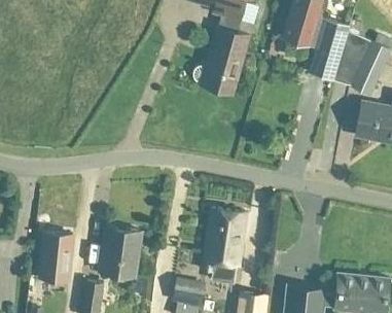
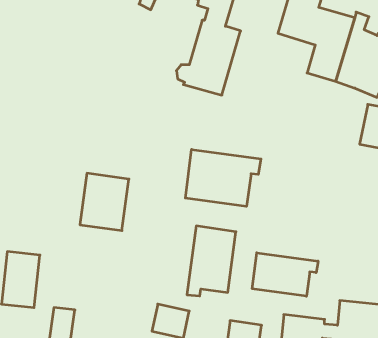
building: none -> [185,149,261,206]
building: [99,227,142,277] -> [80,173,129,231]
building: none -> [252,253,318,296]

